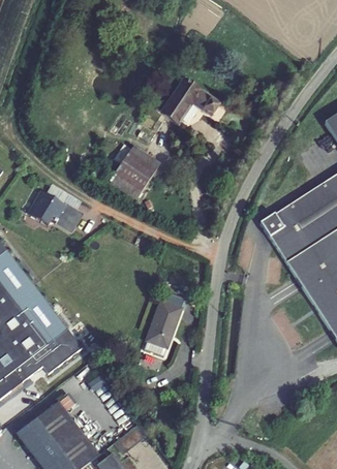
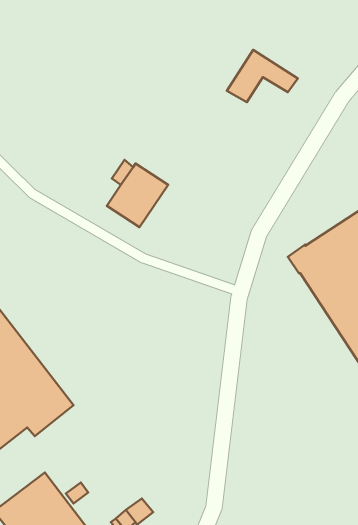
building: [162,83,221,126] -> [227,50,298,102]
building: [32,190,80,227] -> none
building: [145,299,182,354] -> none

